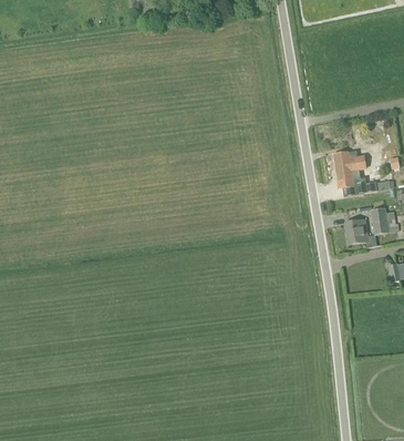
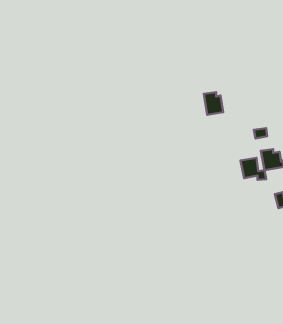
building: [333,151,358,180] -> [204,92,223,115]

